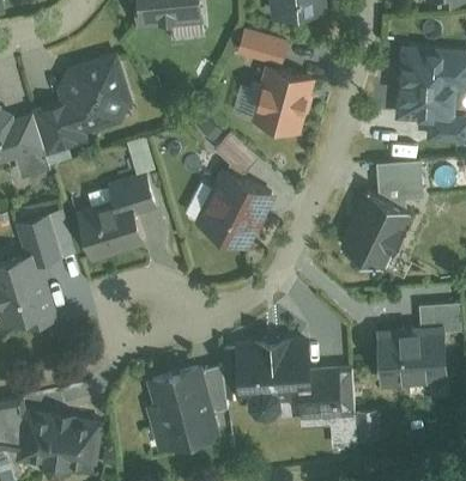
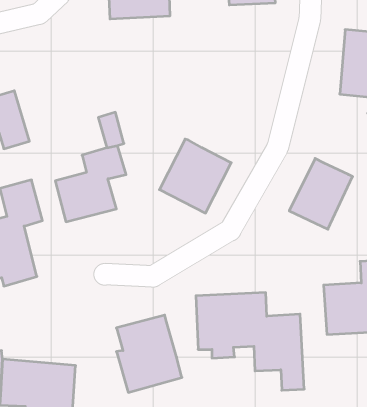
building: [236,30,314,135] -> none
building: [32,54,131,154] -> none
building: [213,130,259,177] -> none
building: [376,160,419,207] -> none
building: [200,364,226,410] -> none

